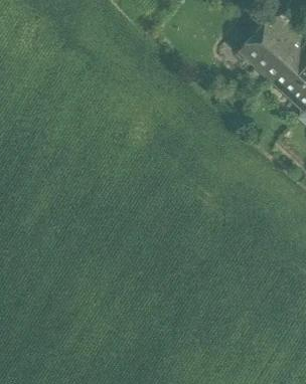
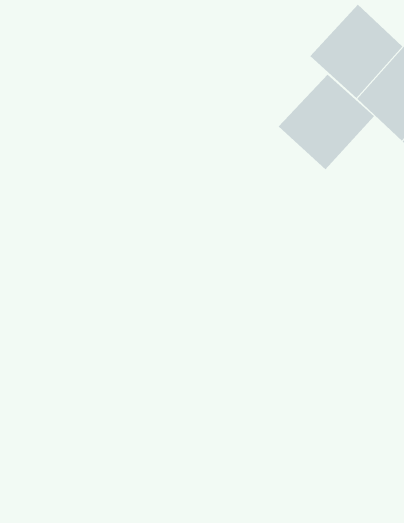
building: none -> [278,74,375,170]

